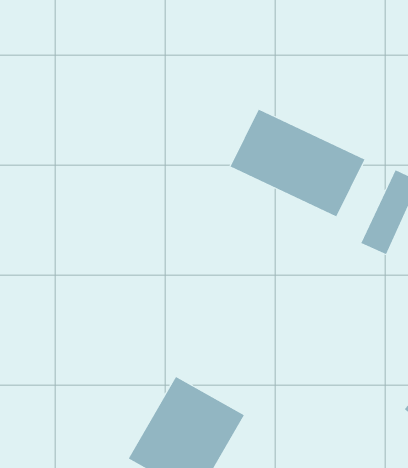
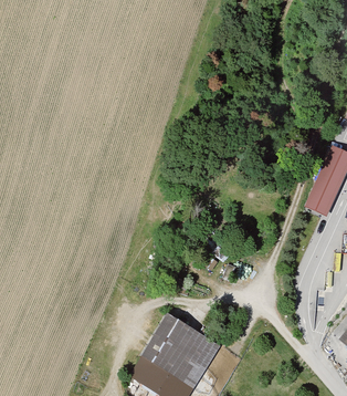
building: [230,109,365,217] -> none

